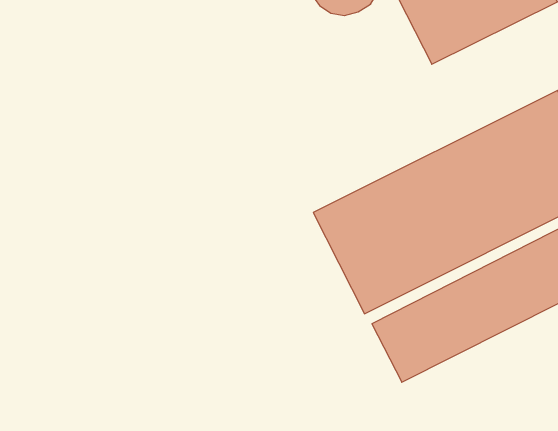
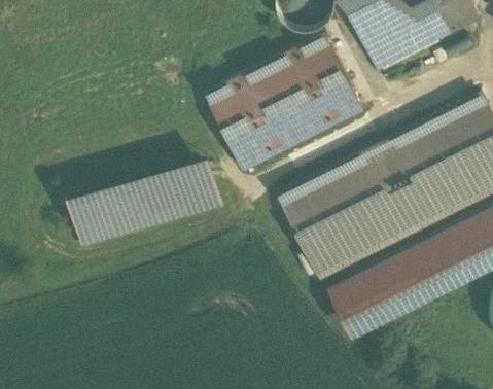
building: none -> [205,37,362,171]
building: none -> [66,155,224,250]

